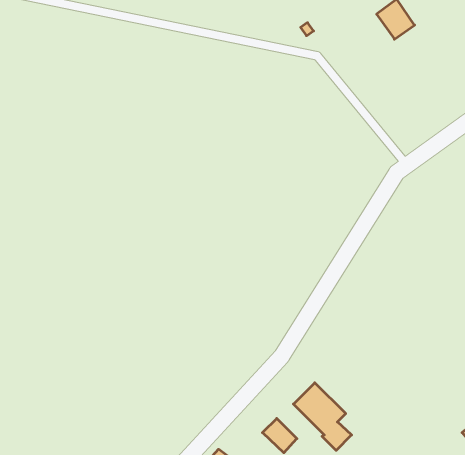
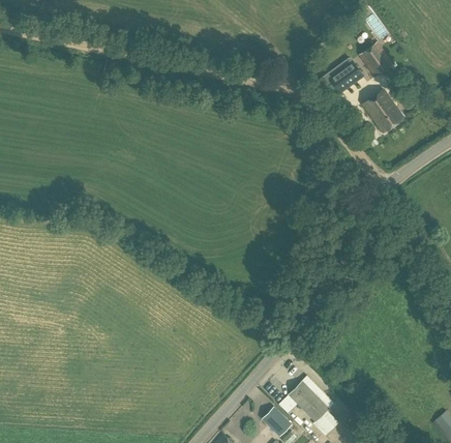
building: none -> [328,61,362,93]
building: none -> [361,90,401,132]

